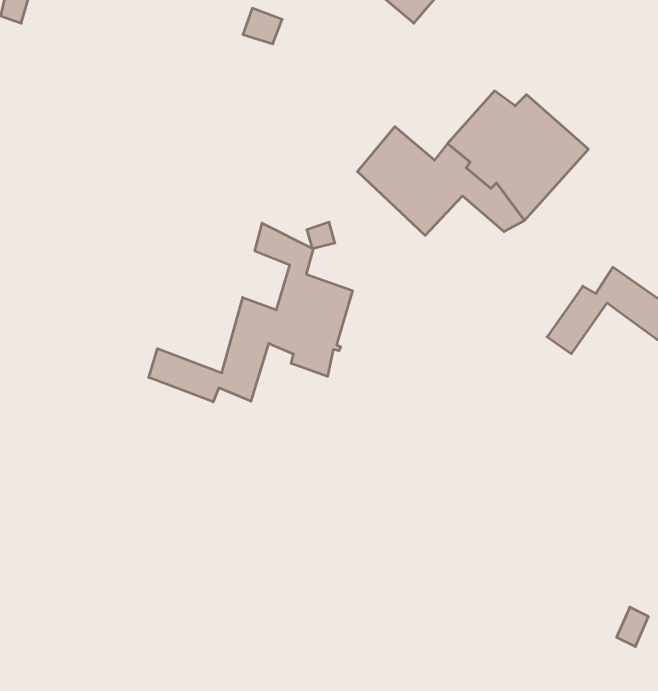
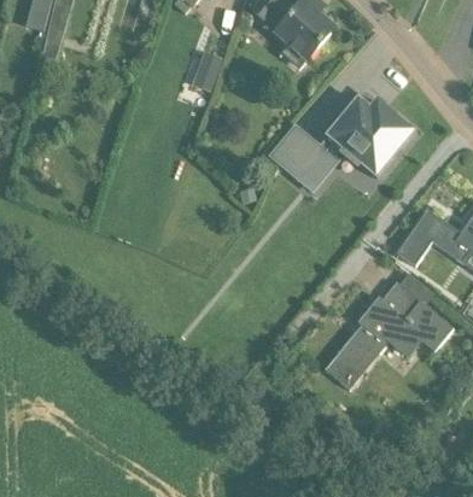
building: [149,223,352,402] -> none
building: none -> [327,280,452,381]

